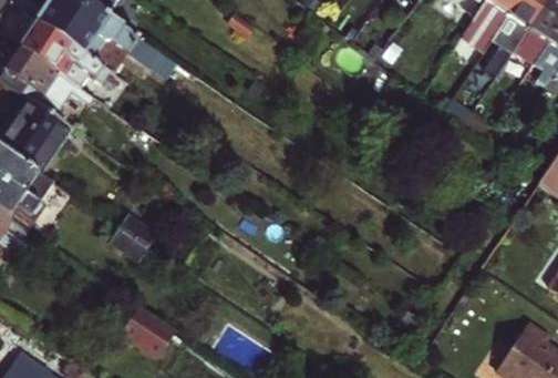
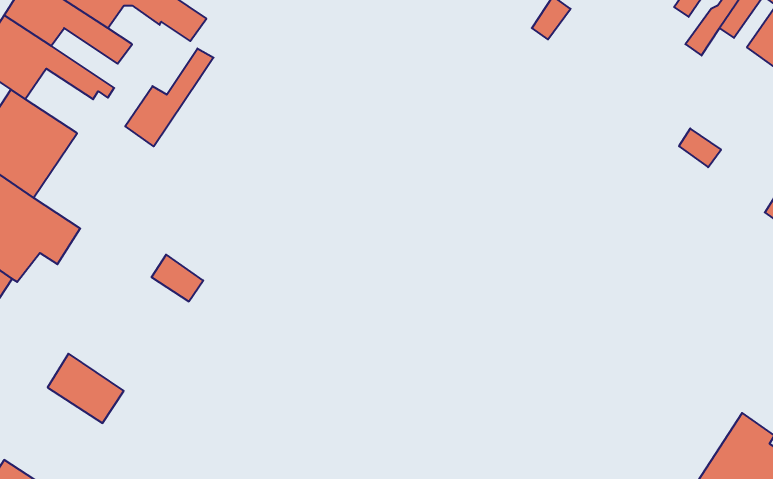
building: none -> [125,48,214,146]
building: [122,305,174,353] -> [48,354,124,423]

